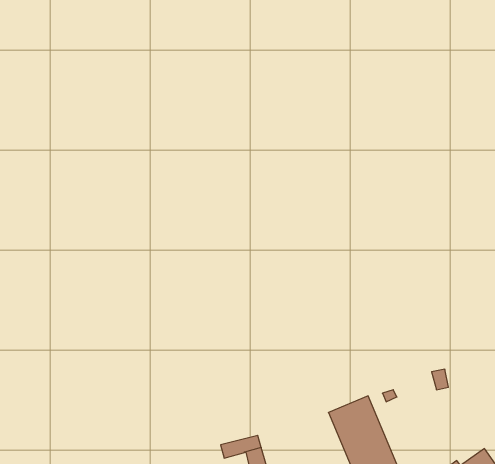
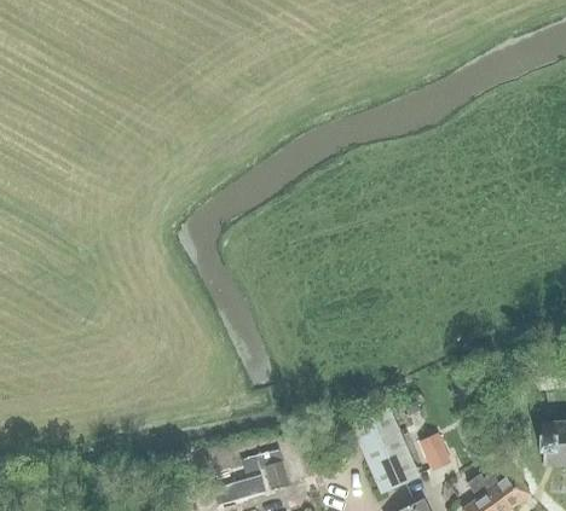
building: none -> [420,431,452,471]

